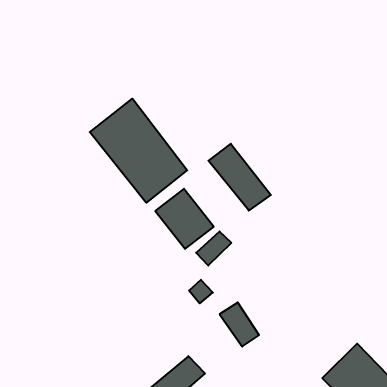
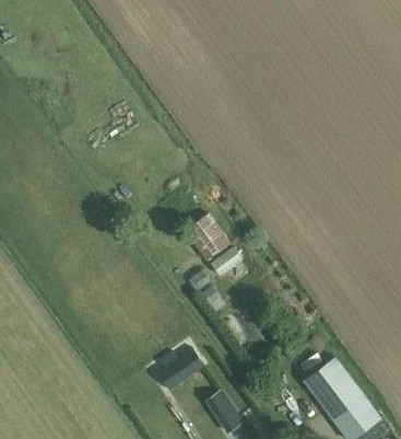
building: [90,99,187,203] -> none
building: [208,144,271,211] -> none

